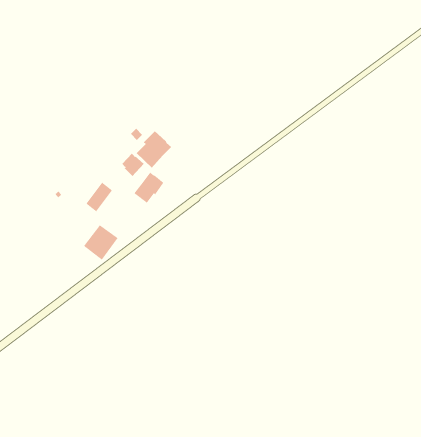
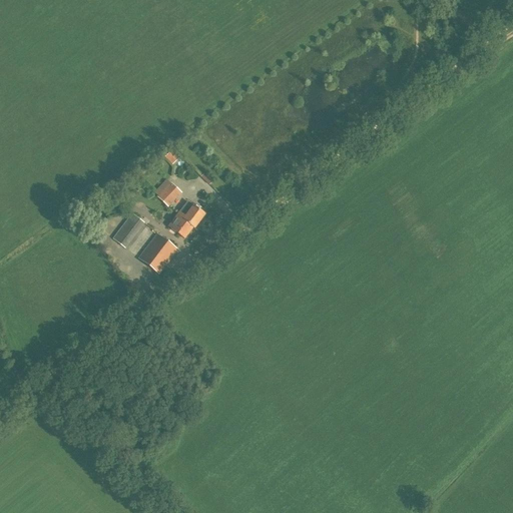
building: [136,131,172,168] -> none
building: [83,224,118,261] -> [138,233,179,276]

